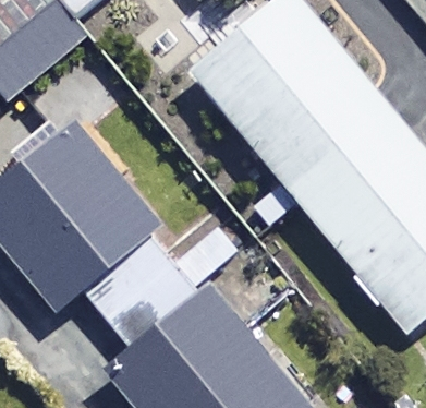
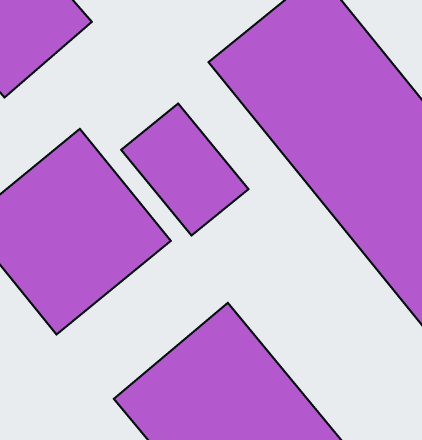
building: none -> [121,103,248,235]

